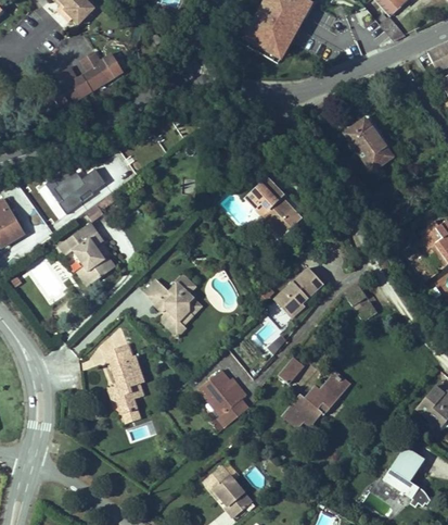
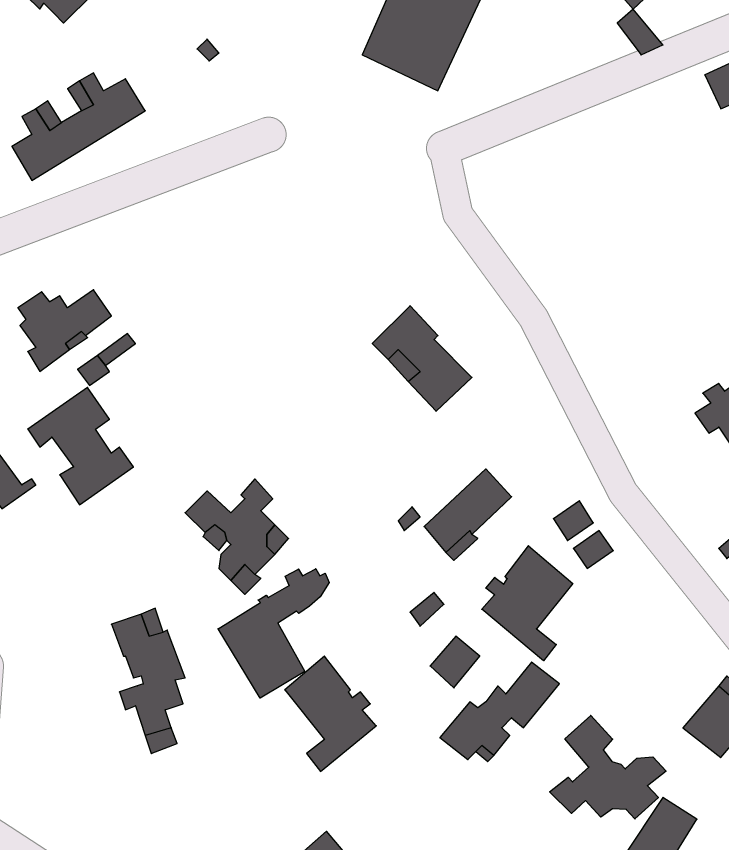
building: [345,116,393,170] -> none
building: none -> [482,546,573,661]
building: none -> [218,569,329,698]
building: none -> [550,715,666,819]

